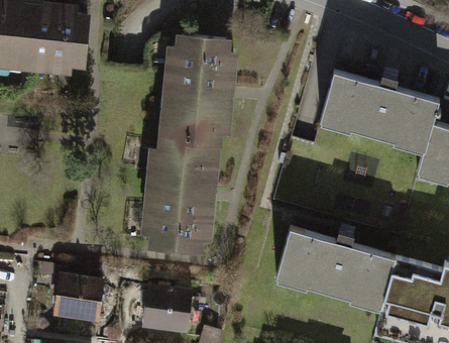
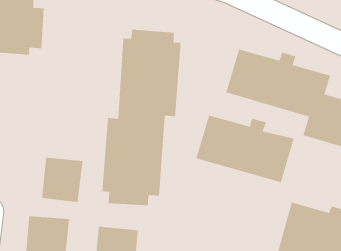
building: none -> [42,157,83,203]
building: [257,224,380,309] -> [195,115,294,183]

